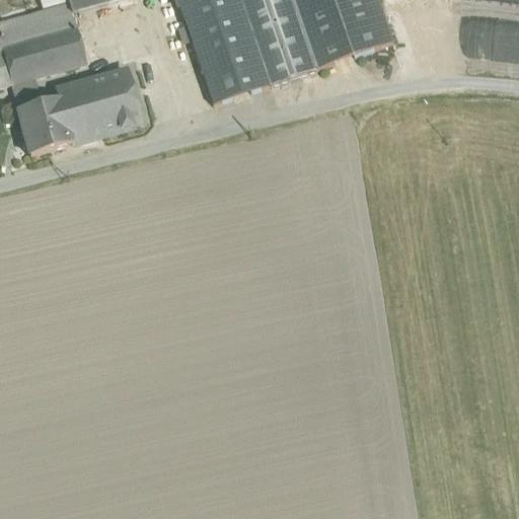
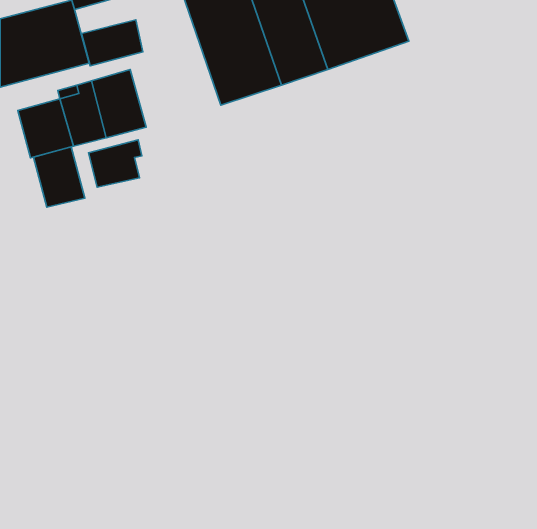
building: none -> [82,20,143,66]
building: none -> [88,140,142,187]
building: none -> [34,147,85,207]

